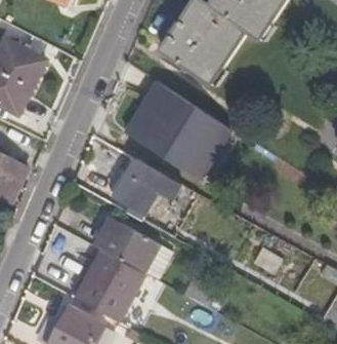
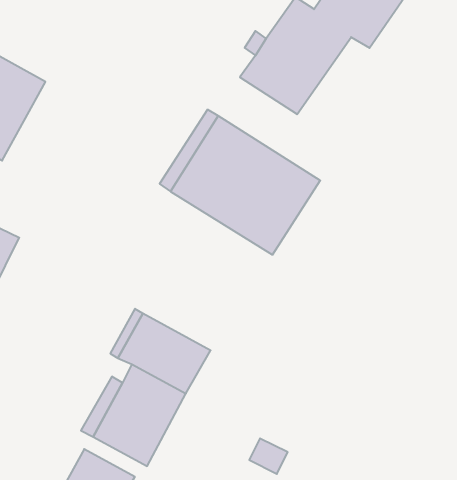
building: [112,159,181,219] -> none

